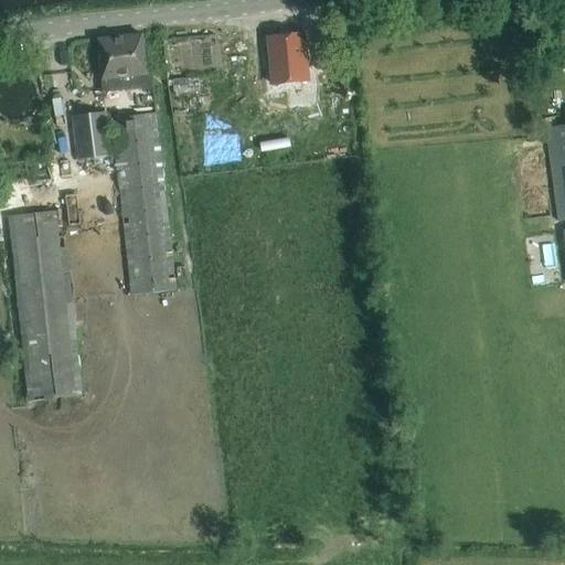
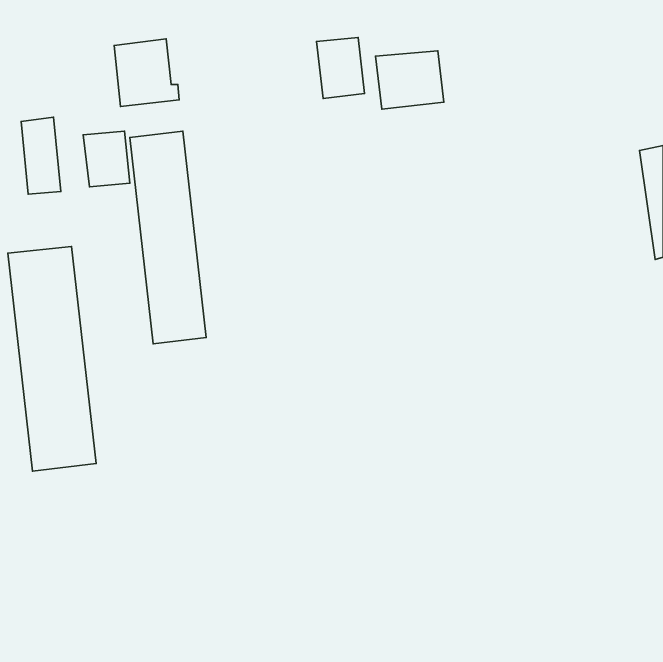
building: none -> [375,51,444,109]
building: none -> [21,117,61,194]

